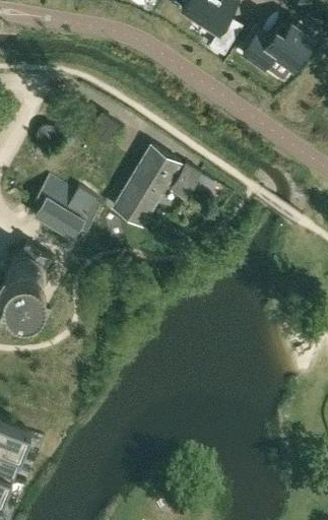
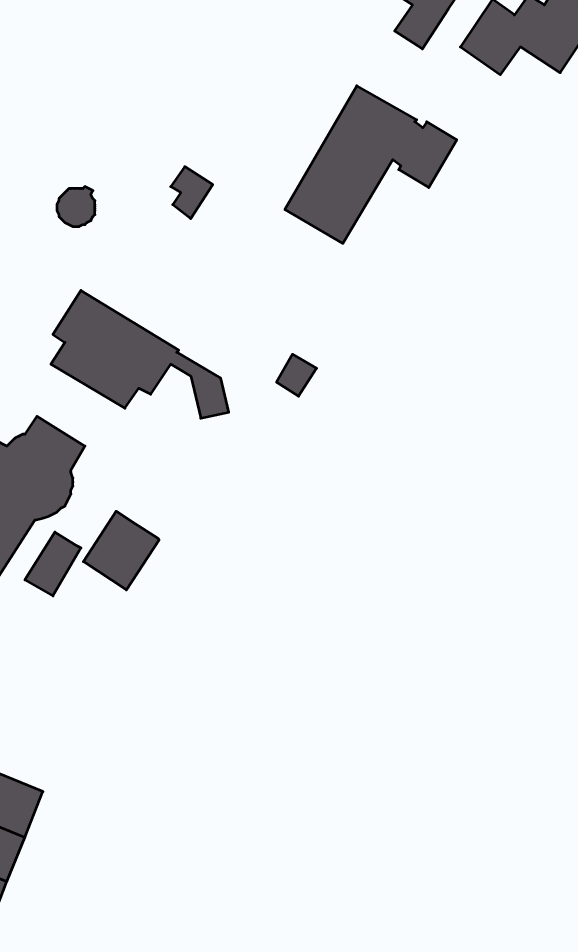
building: [113,145,200,225] -> [285,86,457,243]
building: none -> [83,511,159,590]

